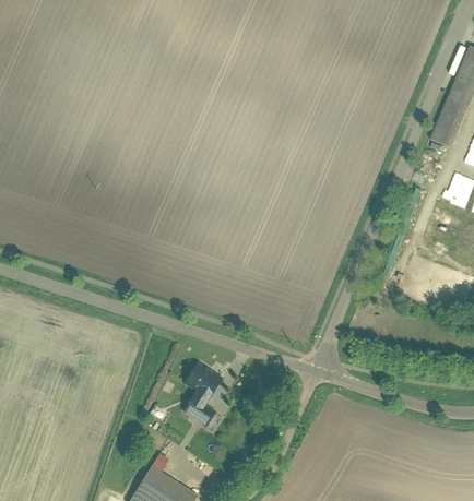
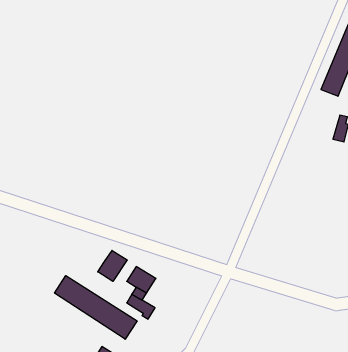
building: none -> [98,250,127,281]
building: none -> [55,276,137,339]

